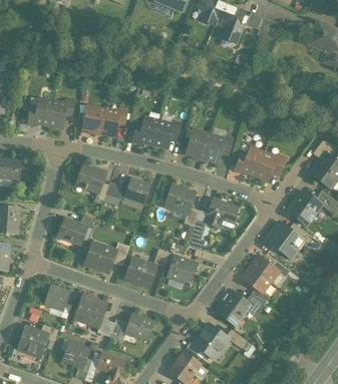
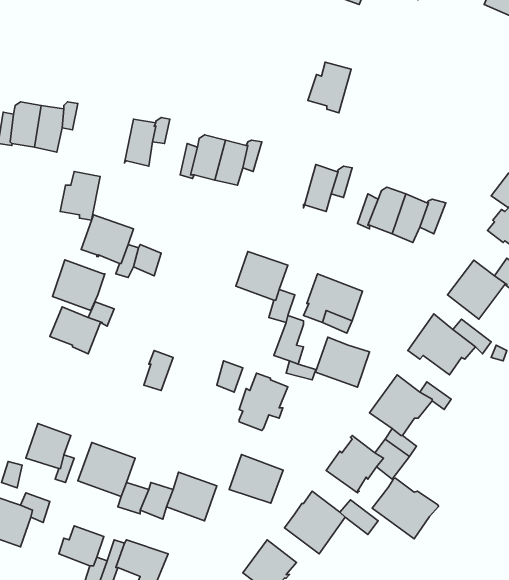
building: [82,105,105,133] -> [60,171,100,220]
building: [186,130,211,159] -> [308,62,351,113]
building: [123,176,149,203] -> none
building: none -> [316,337,370,387]
building: [85,242,115,271] -> [53,260,105,310]
building: [124,257,155,285] -> [229,455,283,503]
building: none -> [372,478,439,539]

